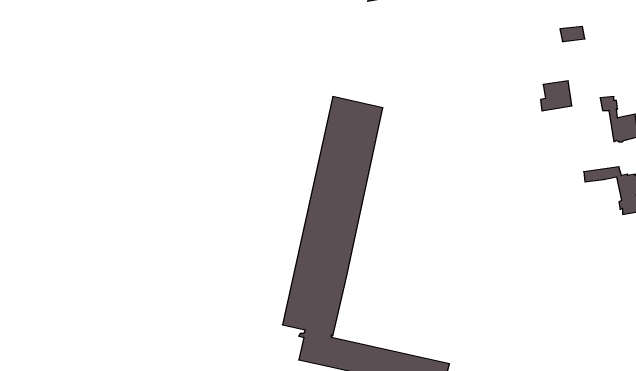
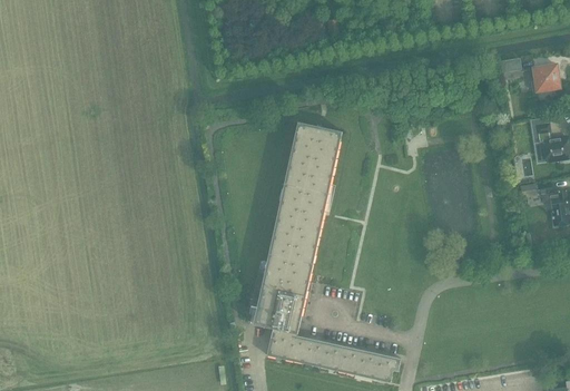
building: [541,81,572,111] -> [531,65,559,91]

